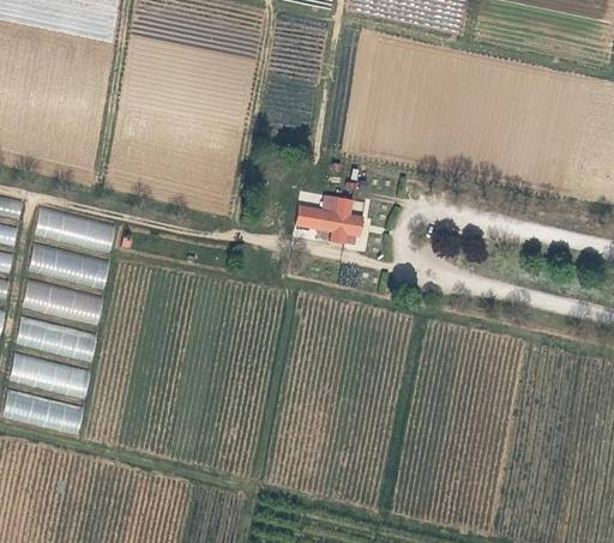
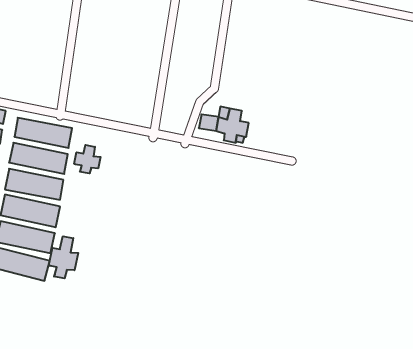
building: none -> [74,145,101,173]
building: none -> [49,236,78,278]

